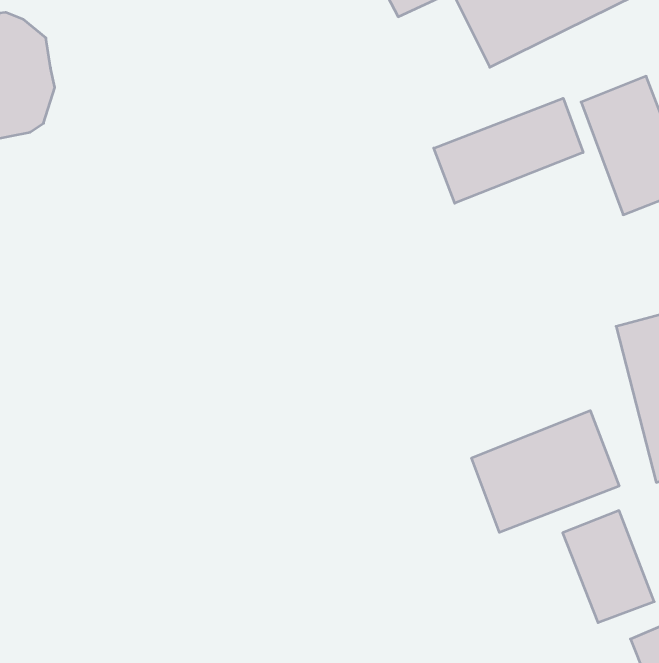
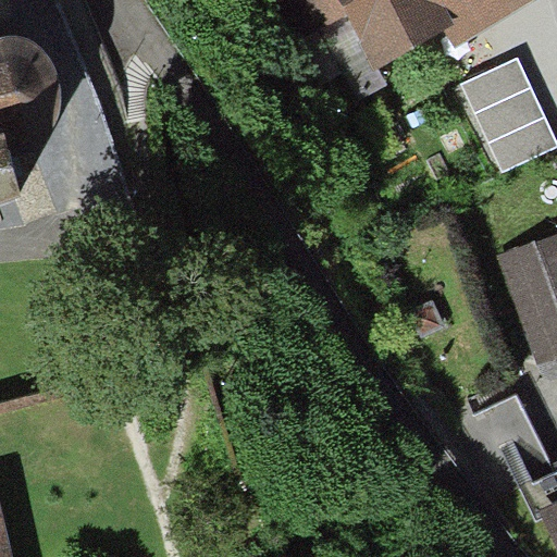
building: [434,98,583,203] -> none
building: [472,411,619,532] -> none

